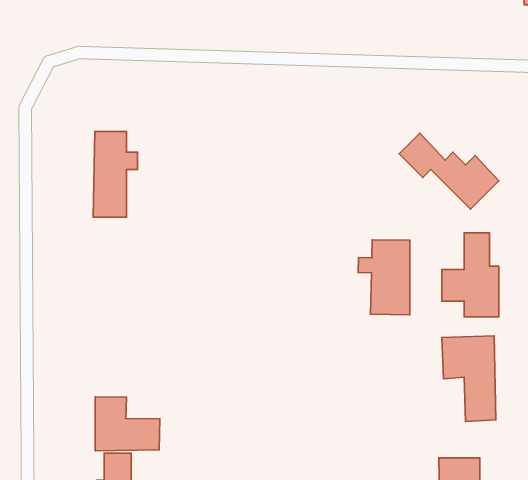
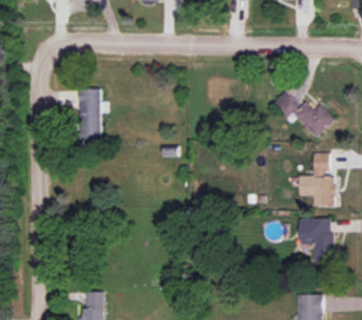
building: [358,240,410,315] -> none
building: [95,397,160,451] -> none

